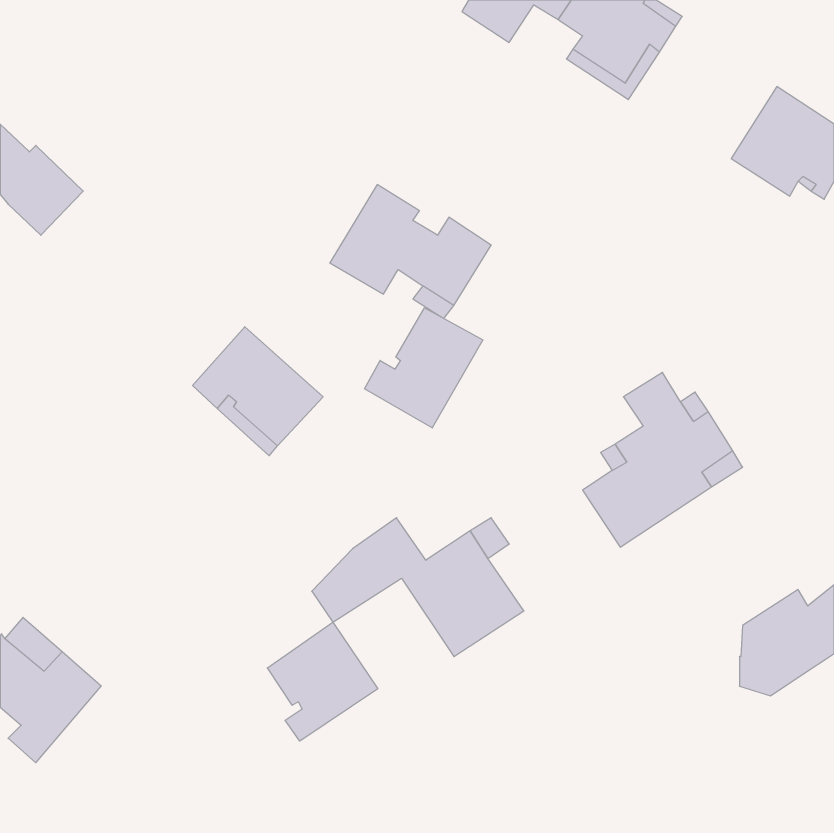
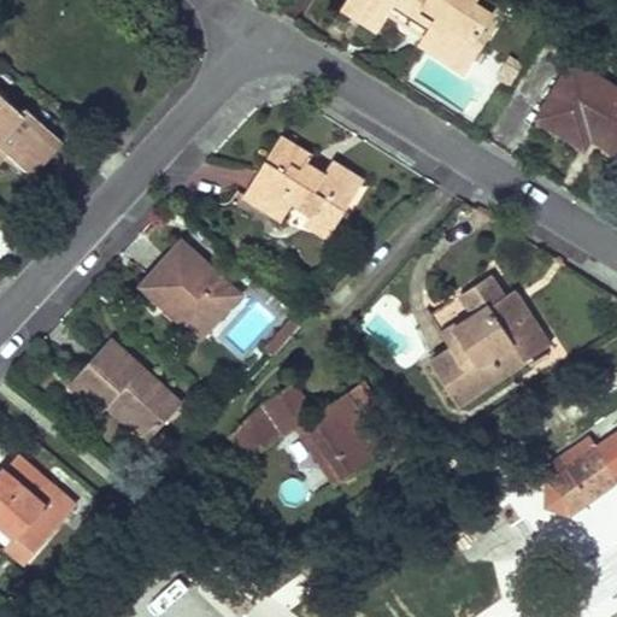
building: [365,308,483,428] -> none
building: none -> [70,340,181,437]
building: [267,622,378,741] -> none

